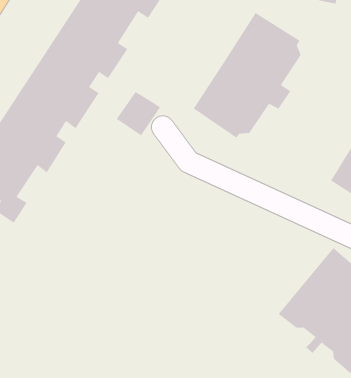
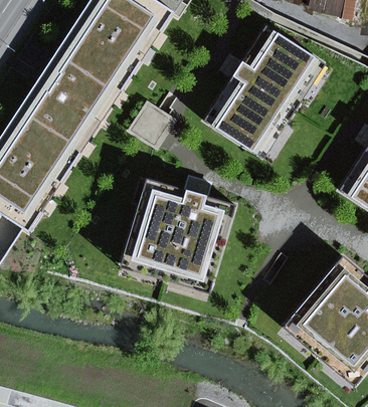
building: none -> [123,178,235,285]

